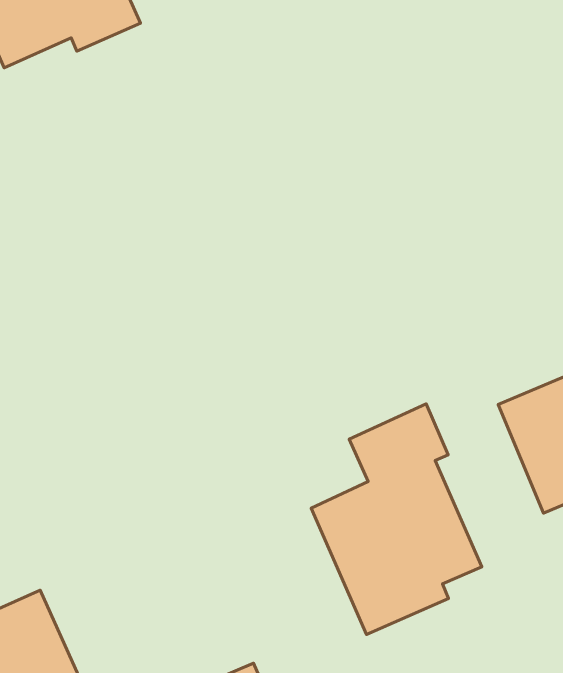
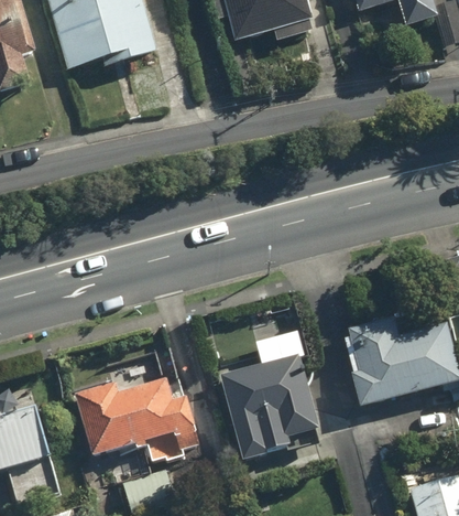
building: none -> [73,376,198,459]

